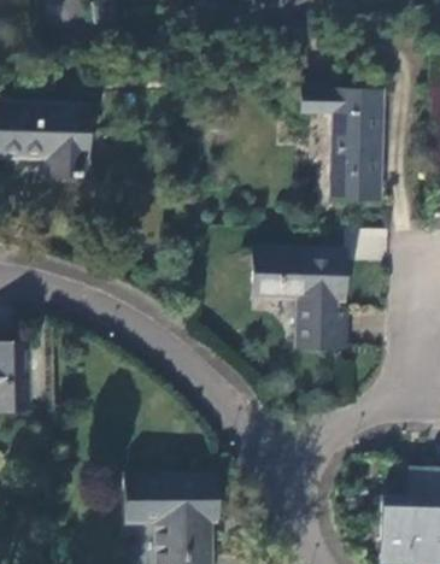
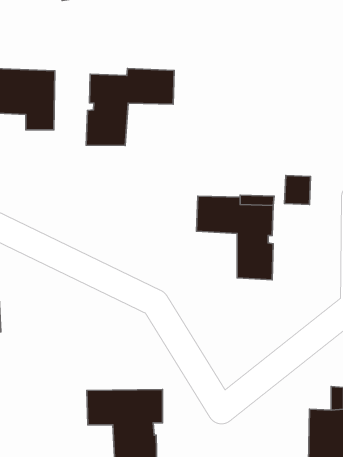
building: [301,81,383,199] -> none
building: none -> [86,69,174,146]

